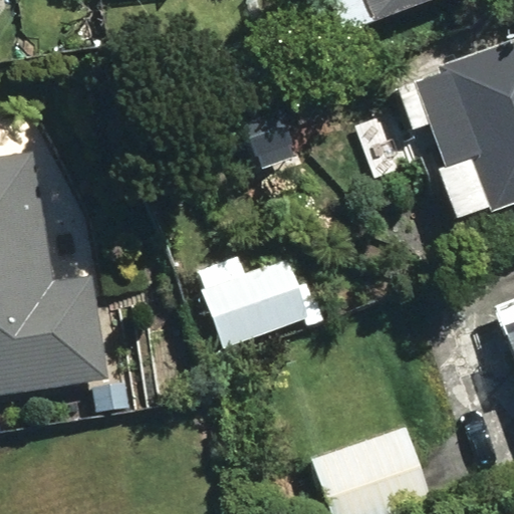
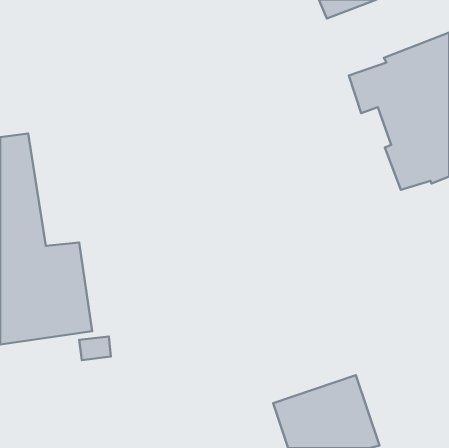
building: [198,256,325,346] -> none

